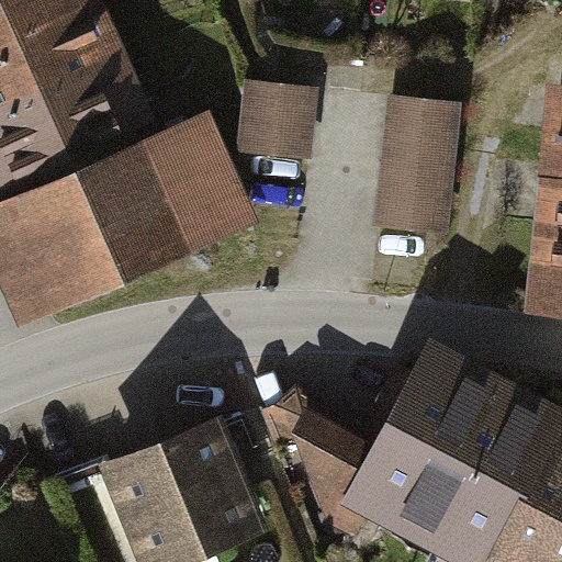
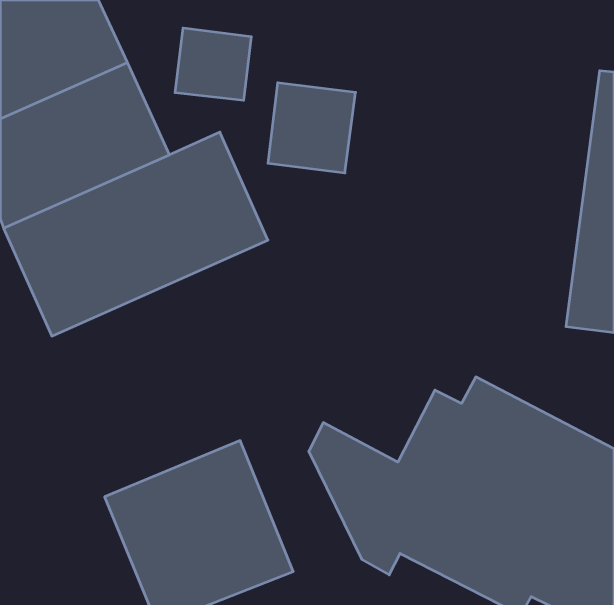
building: none -> [175,28,251,100]
building: [378,98,464,243] -> none

